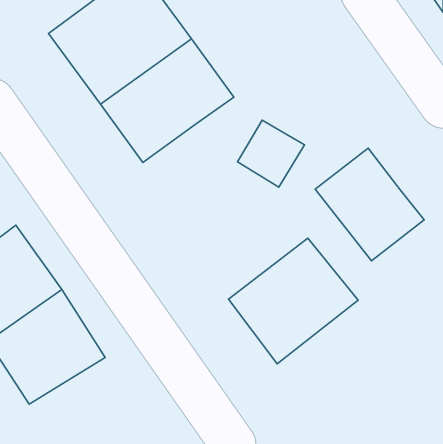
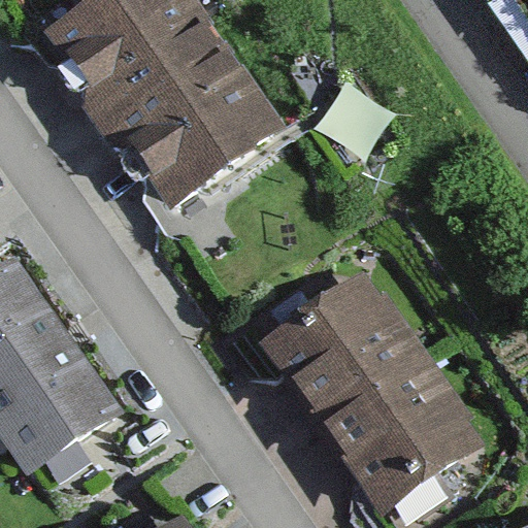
building: [238,120,305,187] -> [312,82,391,161]
building: [315,148,424,261] -> none
building: none -> [324,351,486,510]

